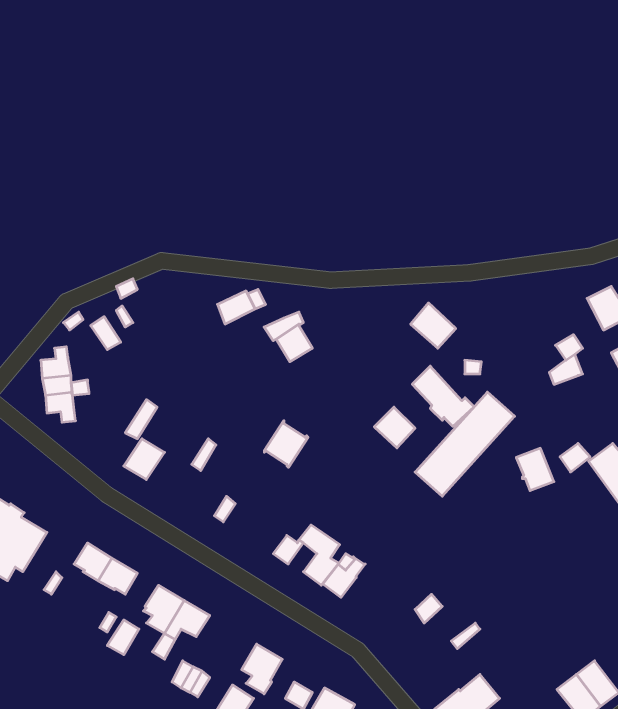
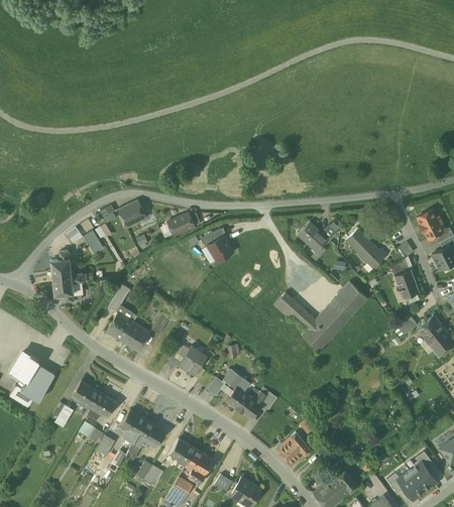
building: none -> [118,201,146,228]
building: [412,366,474,426] -> [345,228,386,268]
building: [264,421,308,467] -> [179,346,208,377]
building: [516,448,554,491] -> [393,270,419,298]
building: none -> [121,322,150,351]
building: none -> [276,433,309,466]
building: none -> [169,439,195,467]

